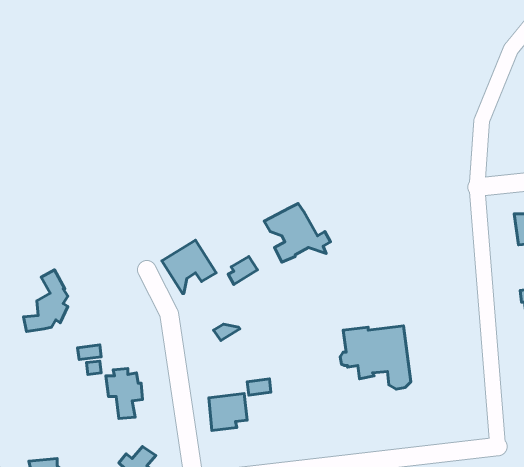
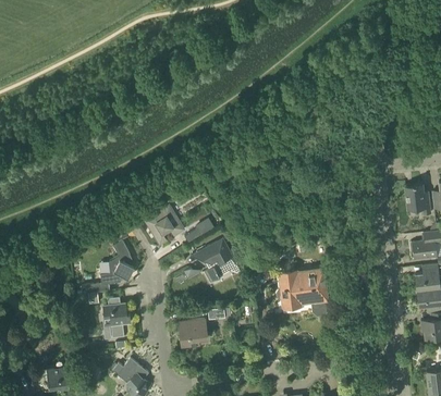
building: [264,203,331,262] -> [197,238,246,282]
building: [23,270,68,332] -> [99,239,132,285]

